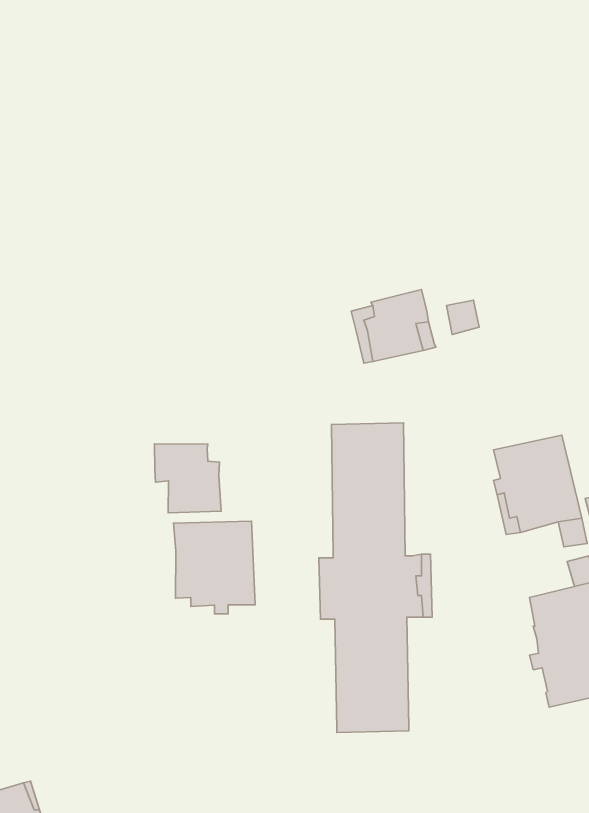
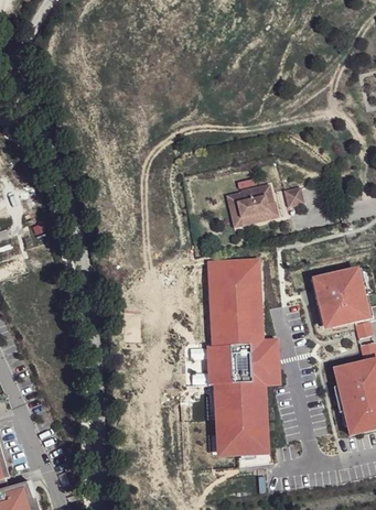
building: [155,444,221,513] -> none
building: [173,521,255,614] -> none

